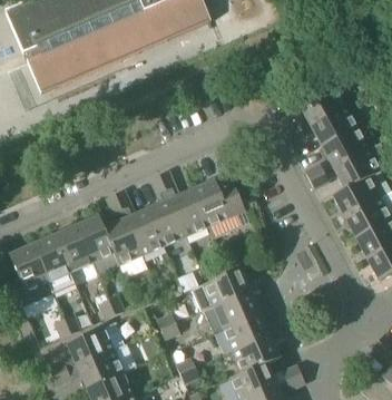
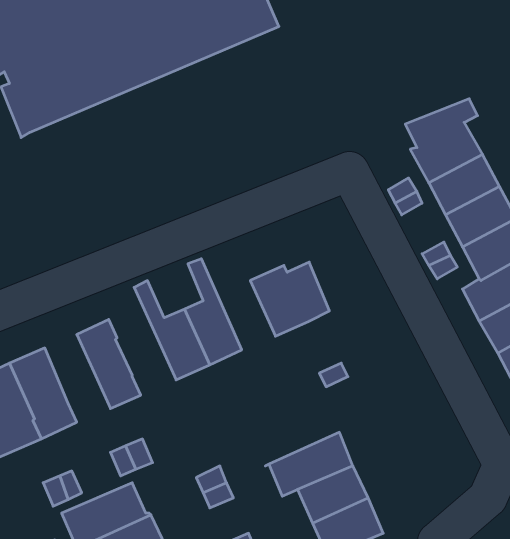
building: [159,170,208,235] -> none
building: [102,194,143,265] -> none
building: [56,225,94,271] -> none
building: [192,267,251,312] -> none

